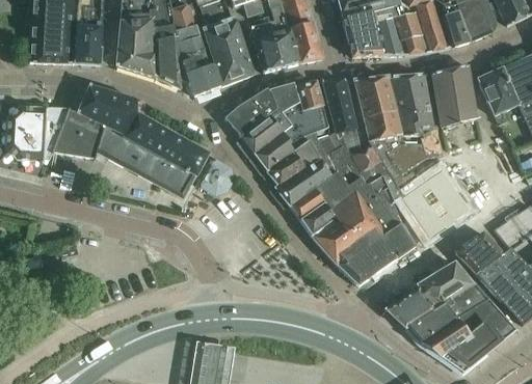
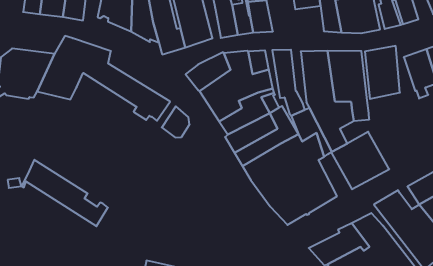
building: [346,25,381,56] -> none
building: [92,126,195,197] -> [21,160,108,226]

